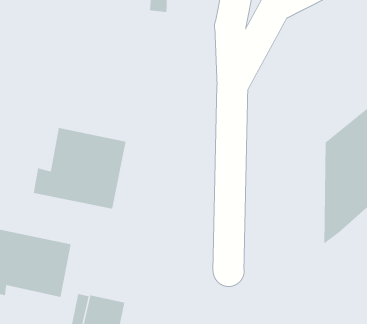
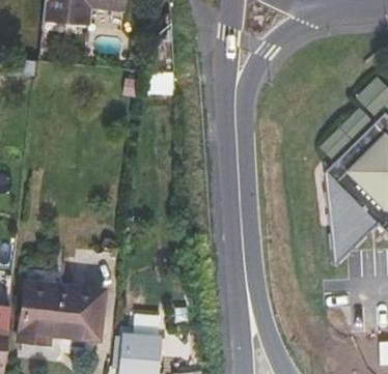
building: [33,127,126,210] -> none

